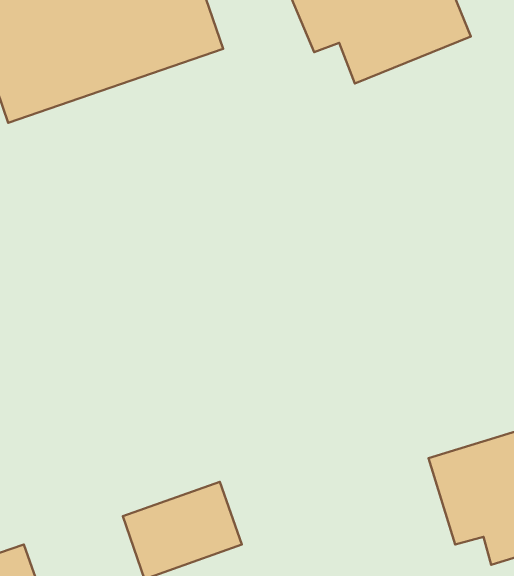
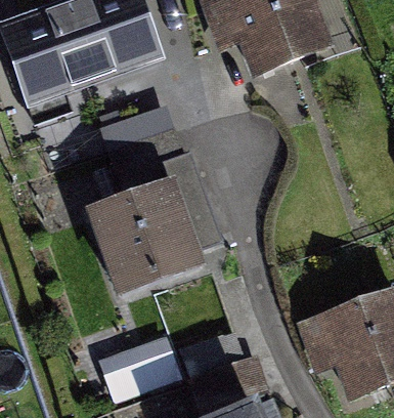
building: none -> [83,173,205,298]

